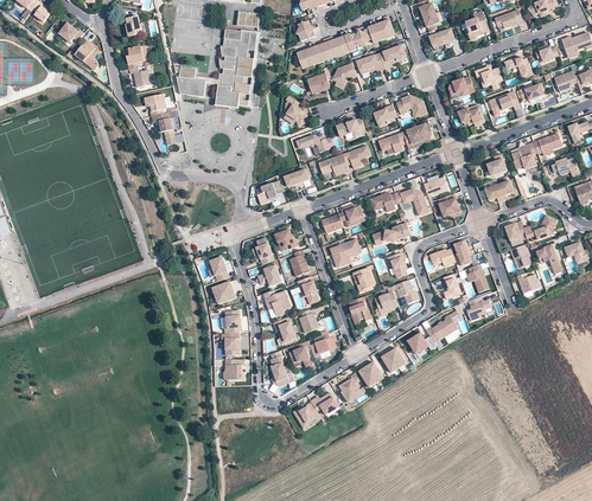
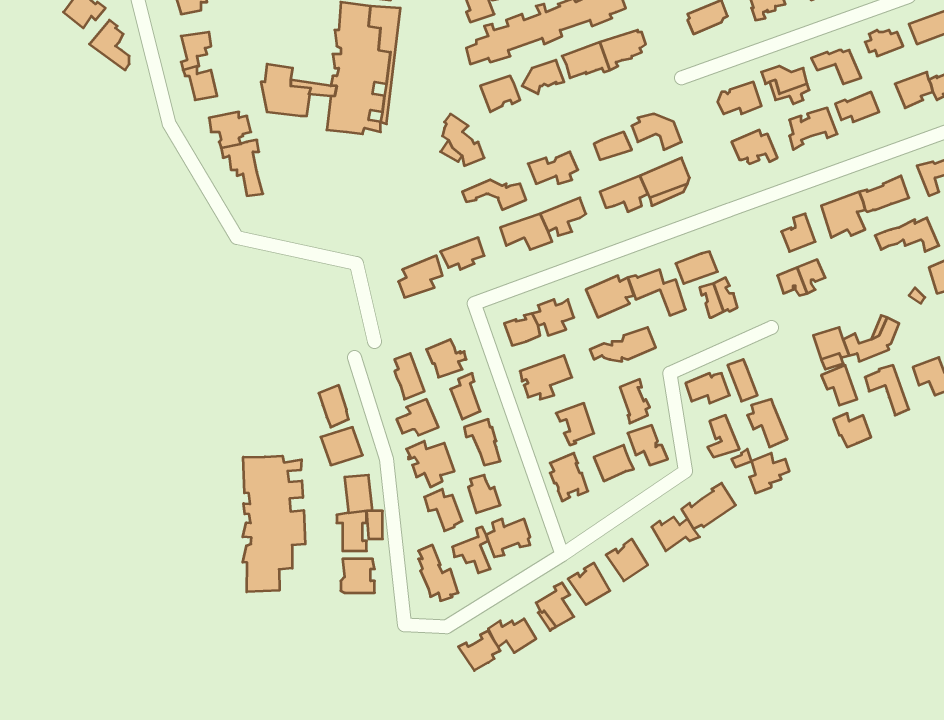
building: none -> [243,456,305,592]

